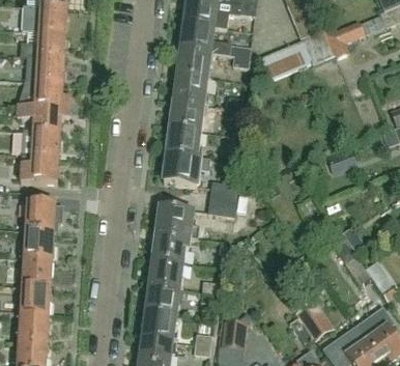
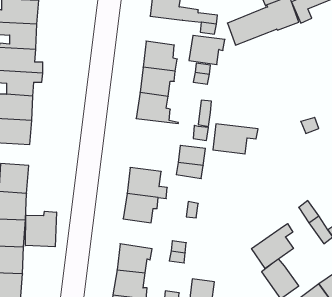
building: [176,49,213,79] -> [189,35,225,65]
building: [163,154,209,186] -> [213,124,258,154]
building: none -> [25,211,56,247]
building: [149,258,183,289] -> none
building: none -> [252,224,293,268]

